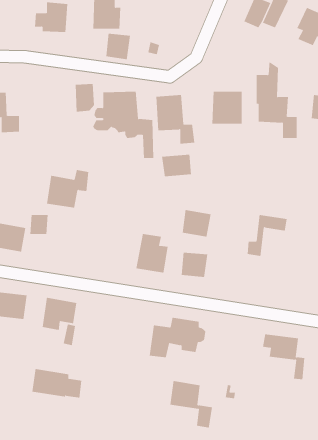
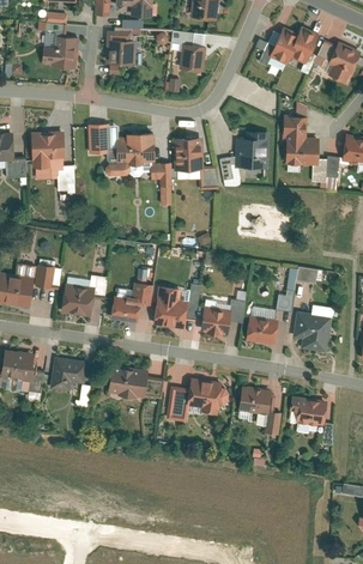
building: [106,33,131,60] -> [180,43,207,72]
building: none -> [30,131,65,168]
building: [162,154,192,177] -> none
building: [46,170,89,208] -> [60,275,107,317]
building: [182,210,211,237] -> [247,315,279,345]
building: none -> [110,283,153,322]
building: none -> [294,313,333,353]
building: [32,369,82,398] -> [108,366,163,399]
building: [170,381,213,428] -> [237,384,284,436]

